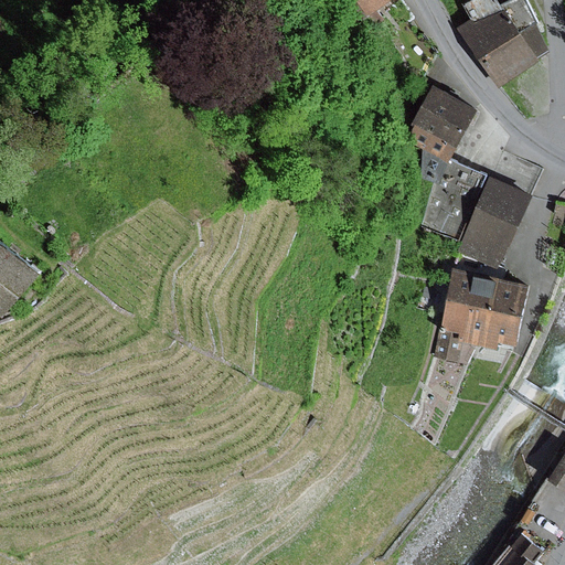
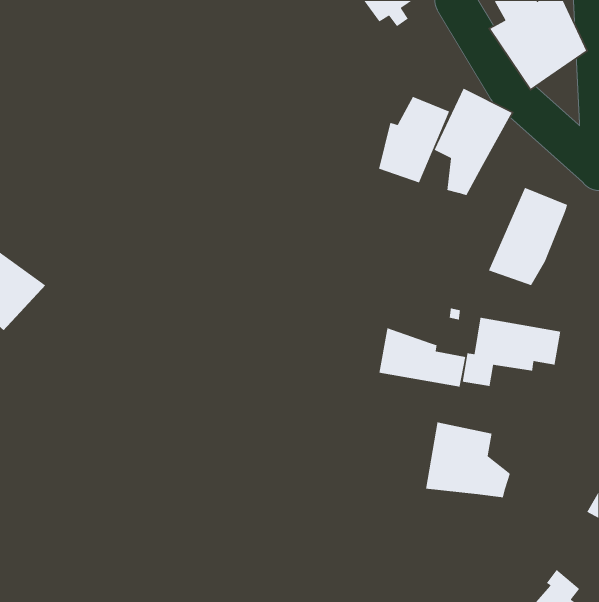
building: [418,159,486,241] -> [378,96,450,183]
building: [448,255,530,311] -> [379,327,466,387]
building: none -> [425,422,511,498]

